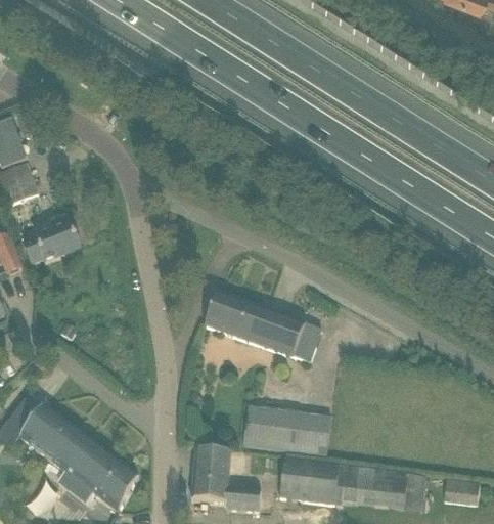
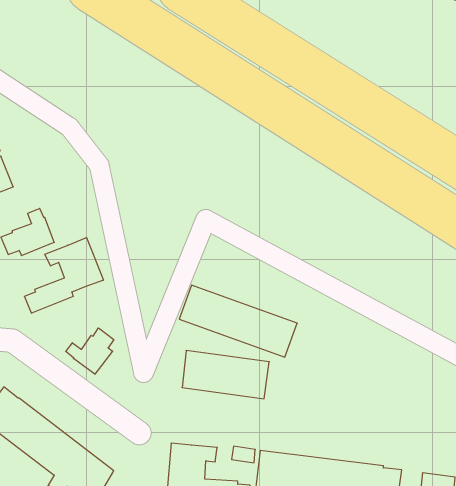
building: none -> [24,237,103,313]
building: none -> [66,328,114,374]
building: [243,406,330,454] -> [182,351,269,399]

